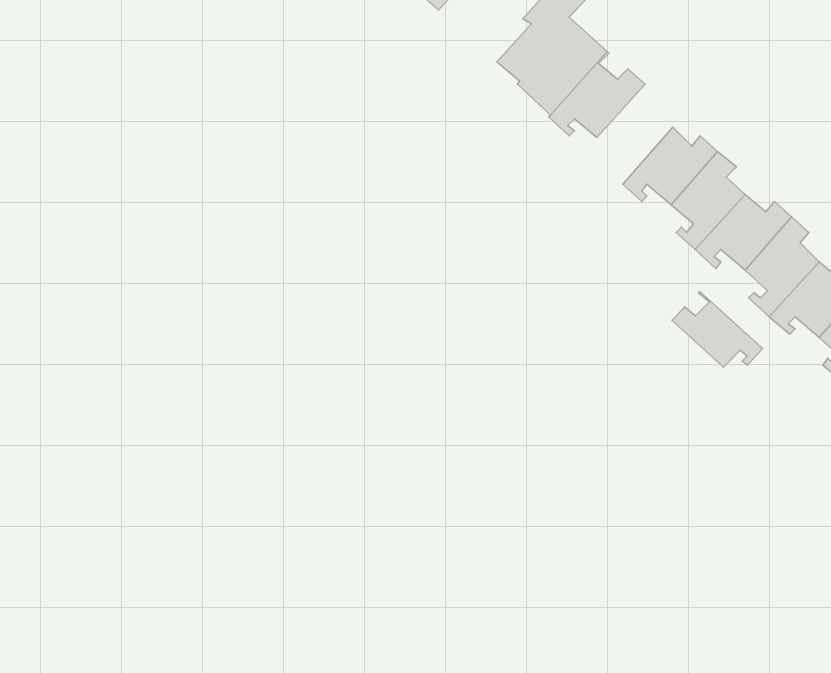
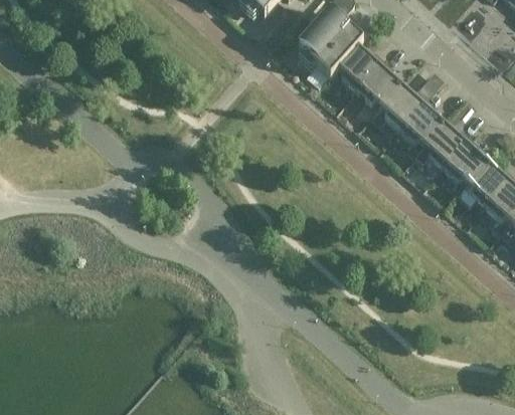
building: none -> [354,57,398,116]
building: [672,291,763,367] -> none

